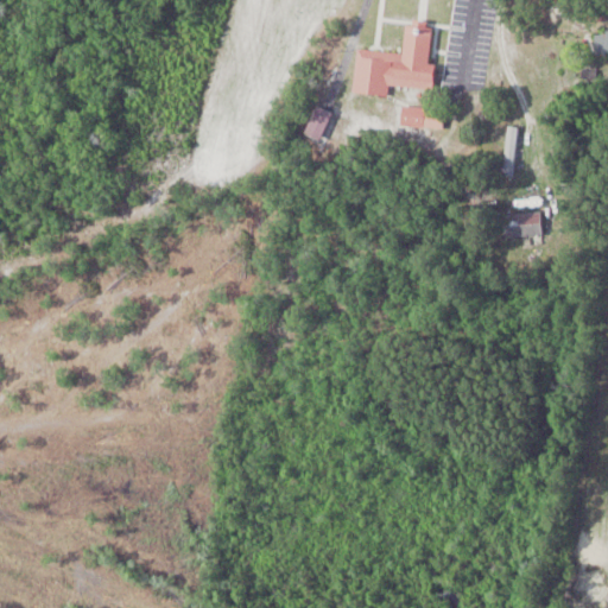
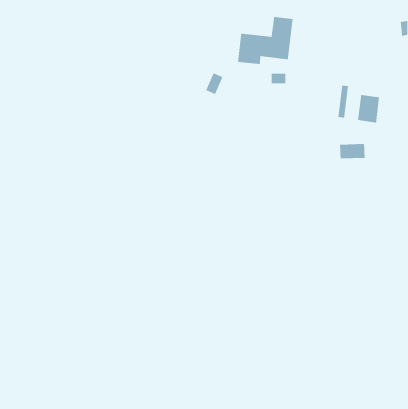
building: none -> [357,94,380,123]

